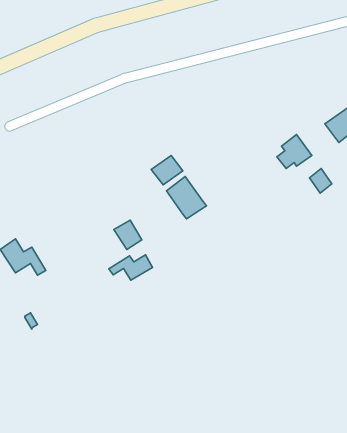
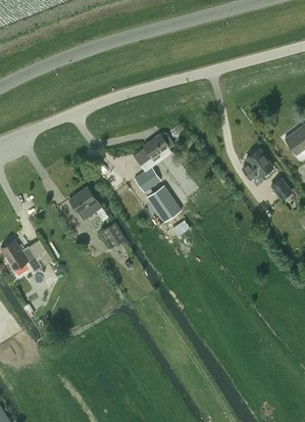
building: none -> [134,133,173,165]
building: none -> [69,186,102,220]
building: [109,255,152,280] -> none

